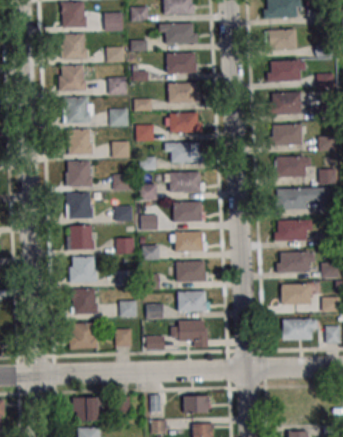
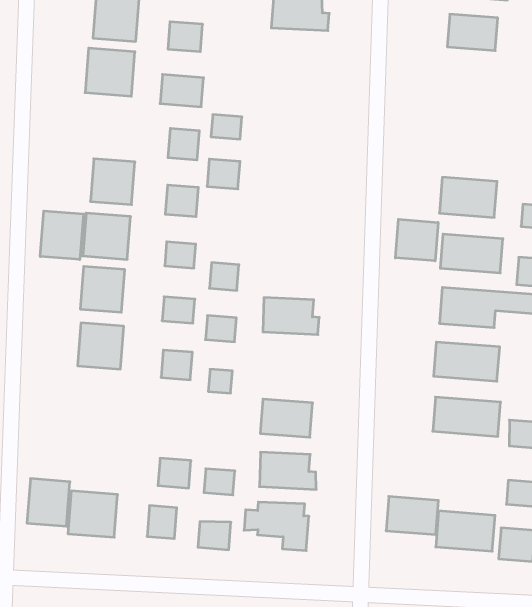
building: [165,54,196,74] -> none
building: [267,61,303,81] -> none
building: [167,84,200,104] -> none
building: [270,92,300,114] -> none
building: [64,97,92,122] -> none
building: [169,112,202,132] -> none
building: [170,142,204,162] -> none
building: none -> [395,219,438,261]
building: none -> [40,211,83,260]
building: [171,172,205,192] -> none
building: [175,231,208,251] -> none
building: [69,256,95,282] -> none
building: [280,284,309,304] -> [386,496,438,535]
building: [72,287,95,313] -> [27,479,70,526]

